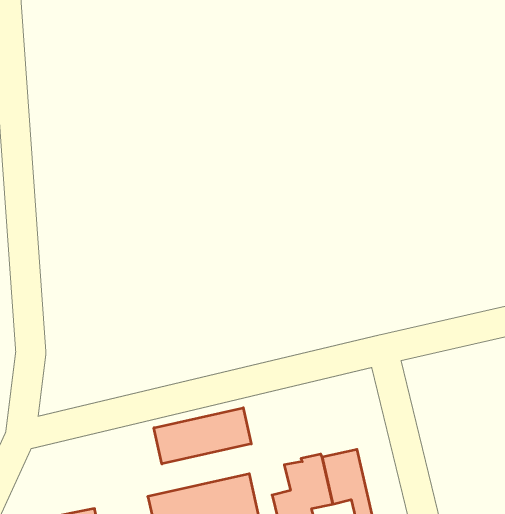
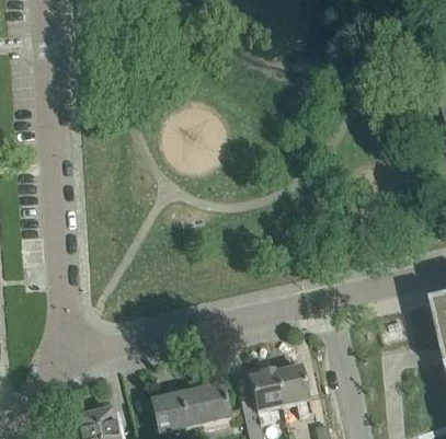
building: [154,408,251,464] -> none

